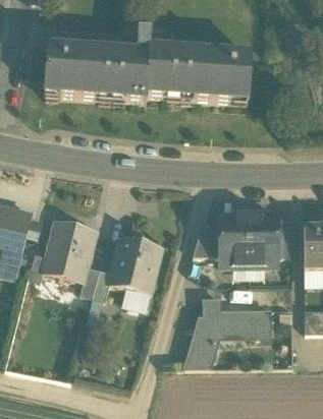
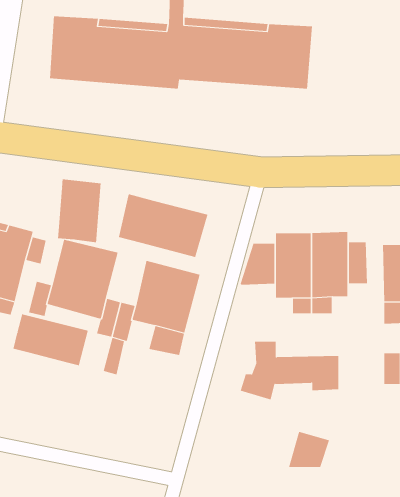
building: none -> [57,179,101,243]
building: none -> [118,193,208,258]
building: none -> [13,313,88,366]
building: [184,336,217,364] -> [288,431,330,468]

